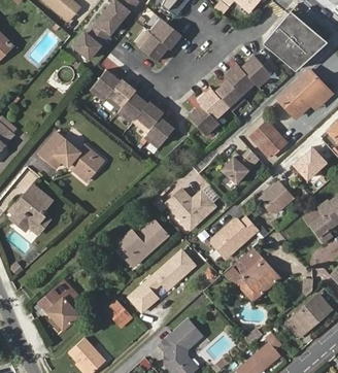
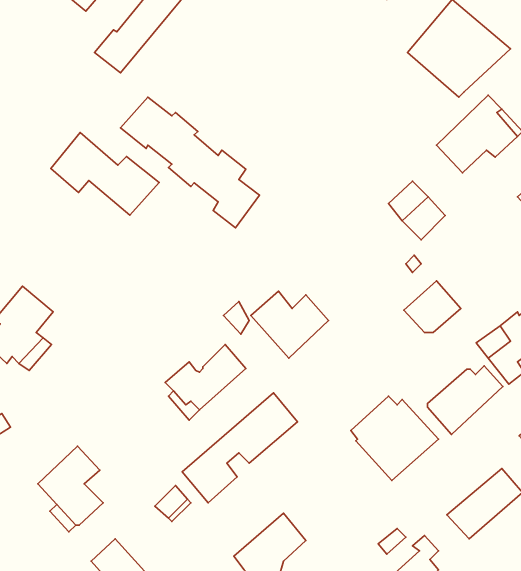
building: [135,20,183,63] -> none
building: [188,55,275,136] -> none
building: [37,132,102,181] -> [51,132,159,215]
building: [294,146,325,178] -> none
building: [219,151,262,187] -> none
building: [212,217,258,259] -> [427,366,503,435]

